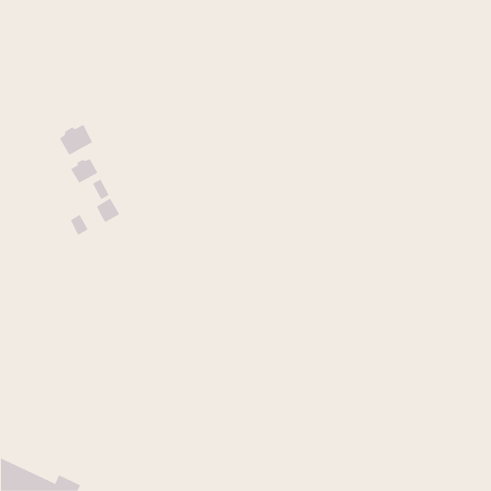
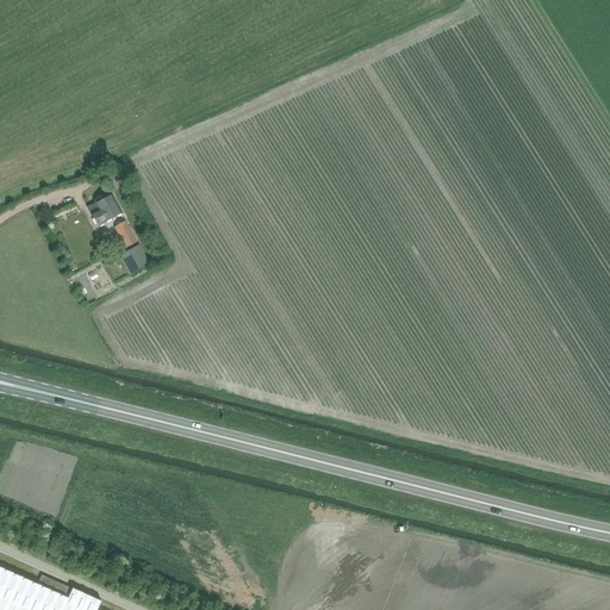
building: [59,124,93,156] -> none

